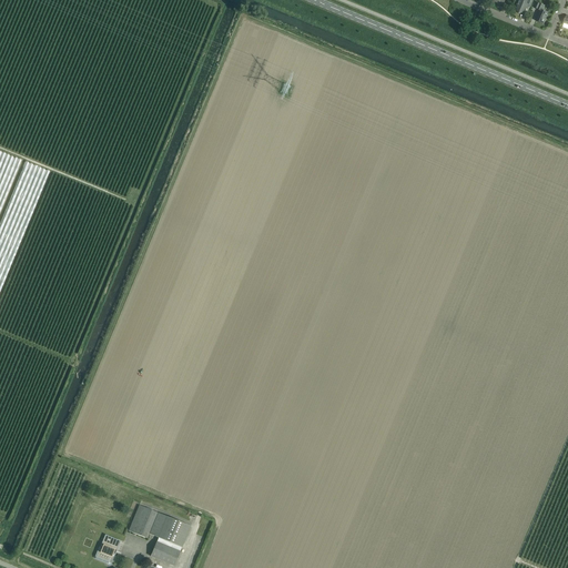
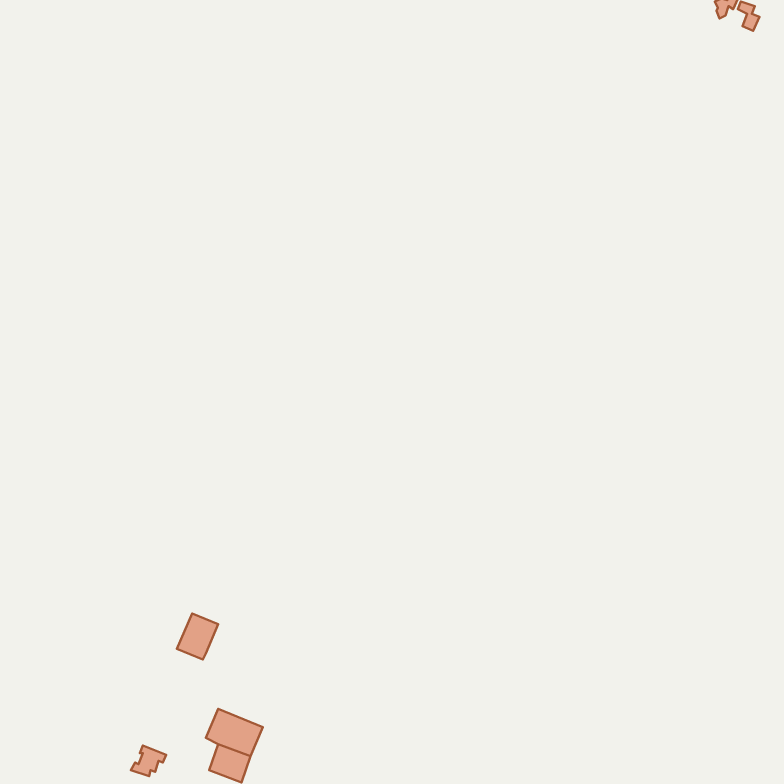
building: [129,504,159,537] -> [177,613,218,659]

